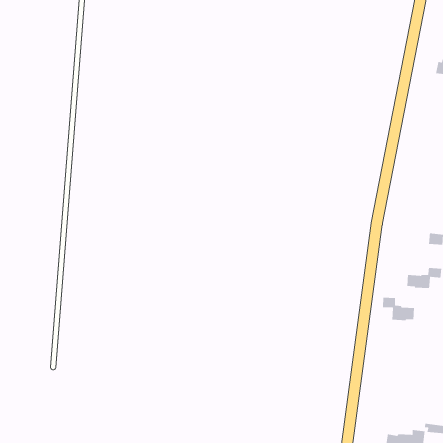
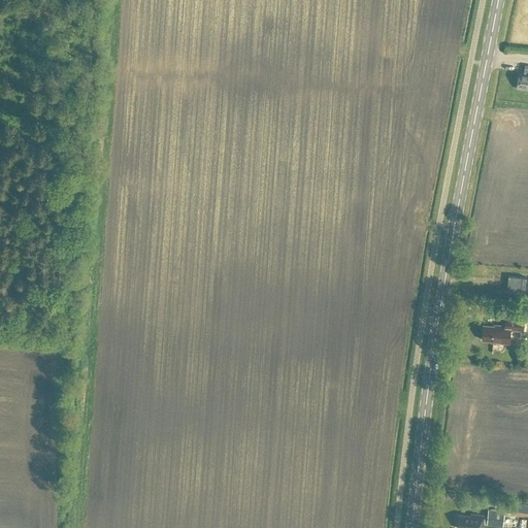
building: [382,297,415,321] -> none

